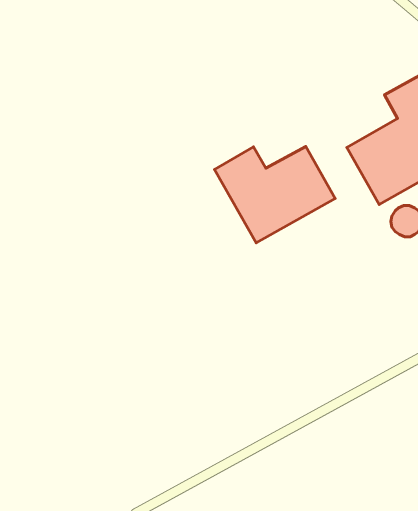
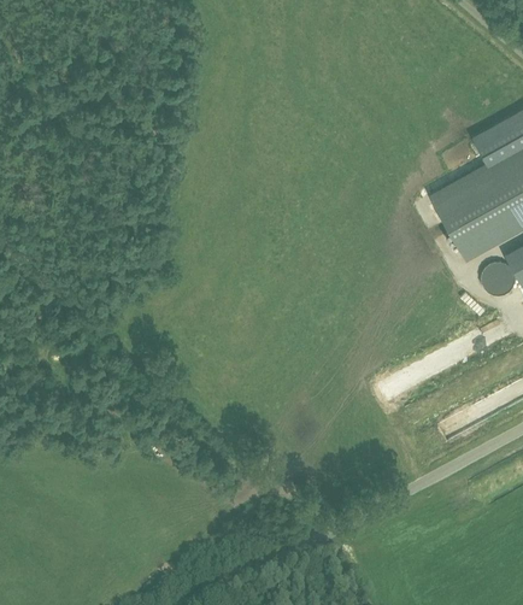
building: [215,146,335,243] -> none

